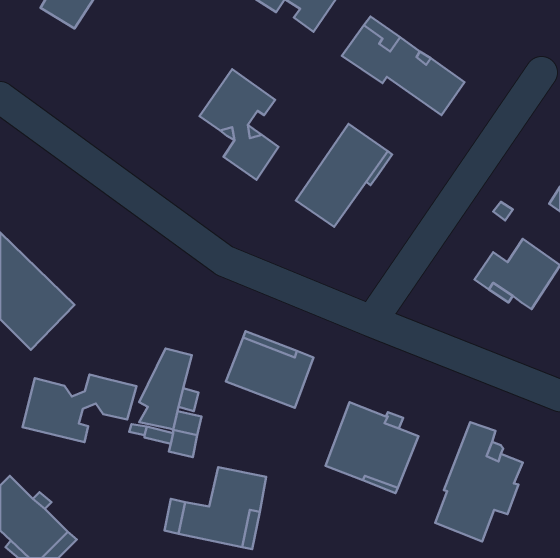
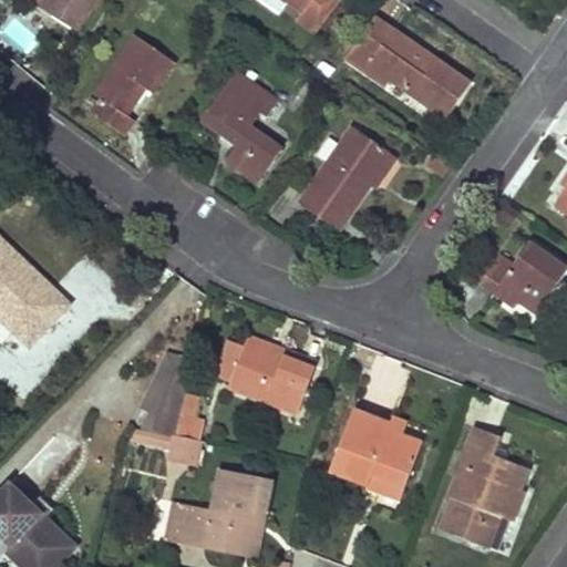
building: none -> [92,33,174,134]
building: [22,374,137,442] -> none

